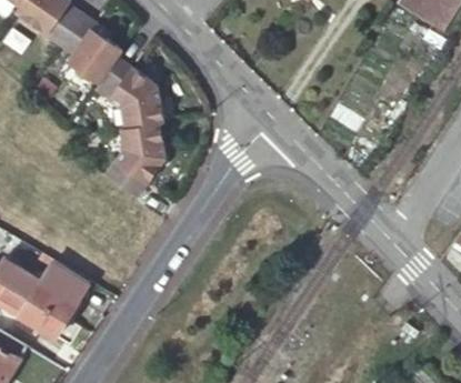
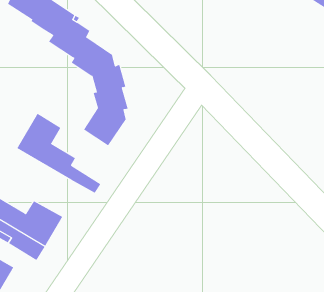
building: none -> [17,113,101,194]

